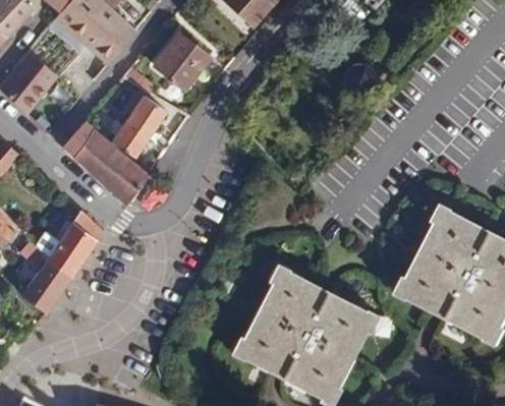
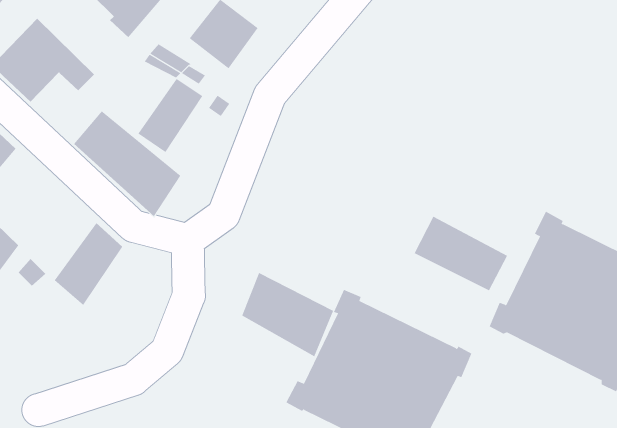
building: none -> [414,216,508,291]
building: none -> [241,272,334,357]
building: [20,256,71,313] -> none

